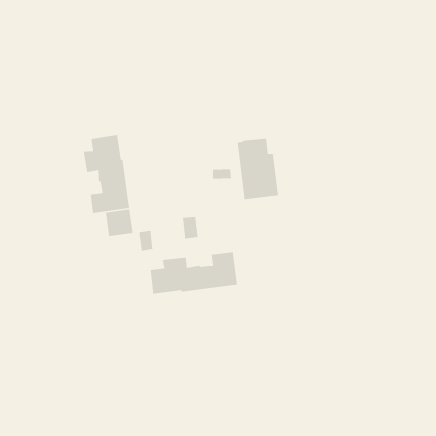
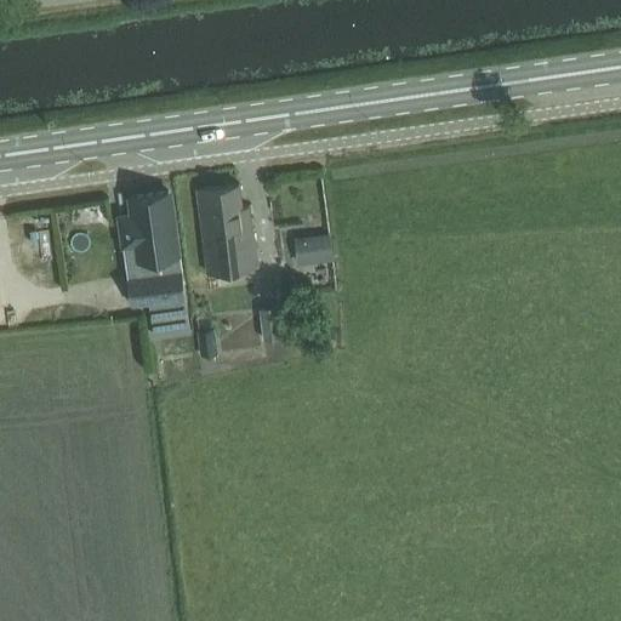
building: [237,138,279,200] -> [196,186,256,274]
building: [150,251,238,294] -> none

